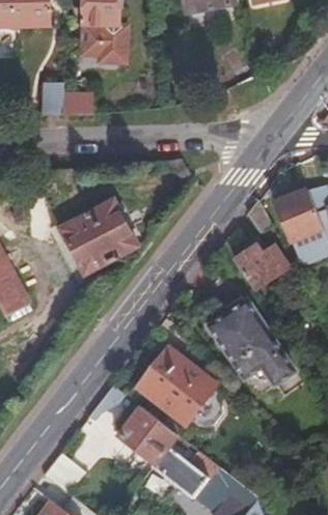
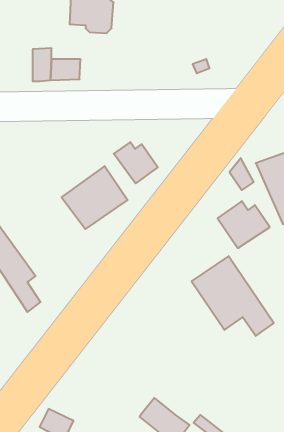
building: none -> [114,142,158,183]
building: [138,345,215,419] -> none
building: [119,403,190,461] -> none

